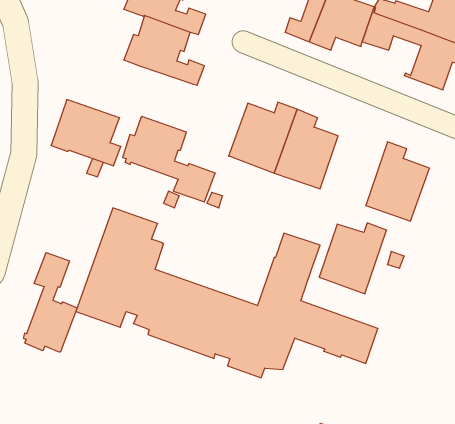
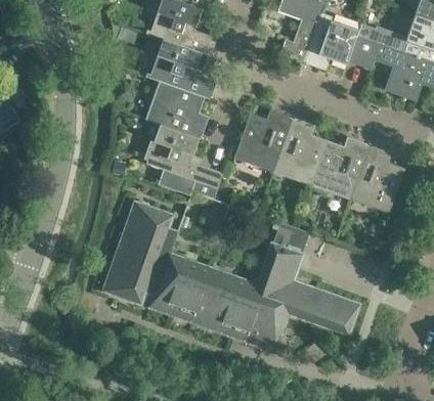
building: [51,100,121,166] -> [144,82,204,138]
building: [319,223,387,294] -> [311,140,368,201]
building: [23,253,77,352] -> none

